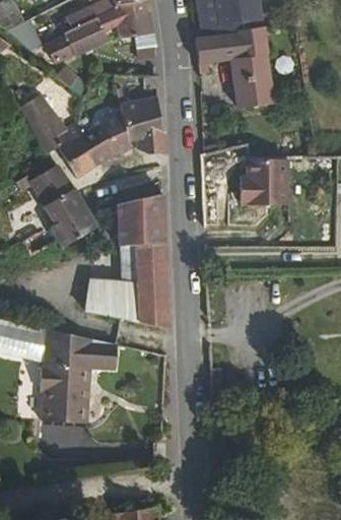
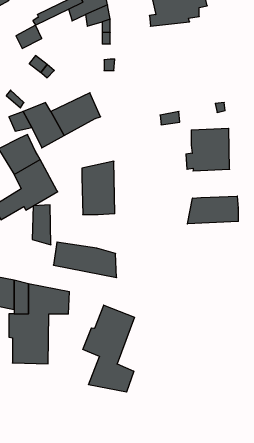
building: [68,18,112,54] -> none
building: [199,23,280,106] -> none
building: [127,96,163,156] -> none
building: none -> [187,196,238,224]
building: [138,252,159,298] -> [32,205,51,245]
building: none -> [83,305,134,392]

